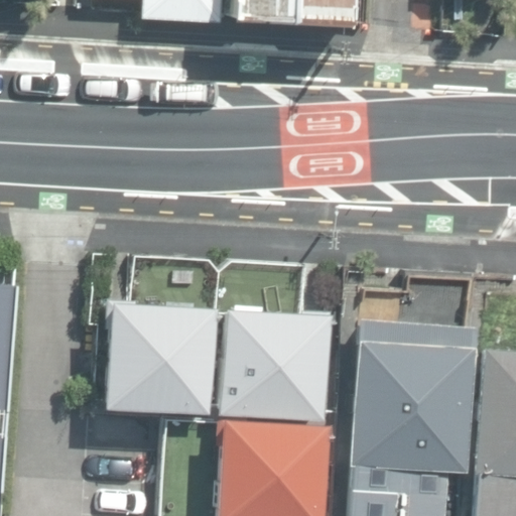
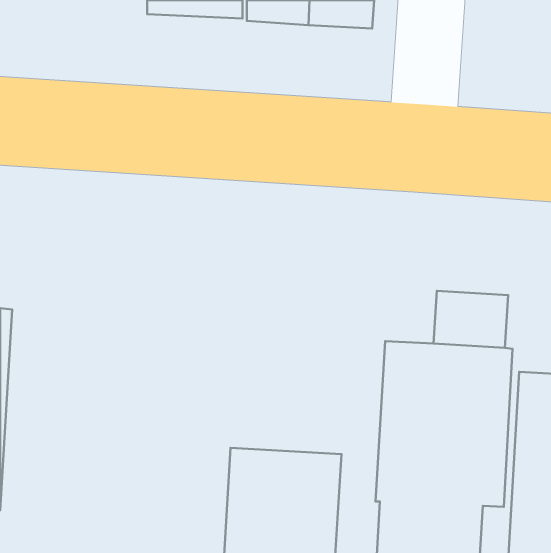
building: [105,301,214,412] -> none
building: [219,308,328,420] -> none

